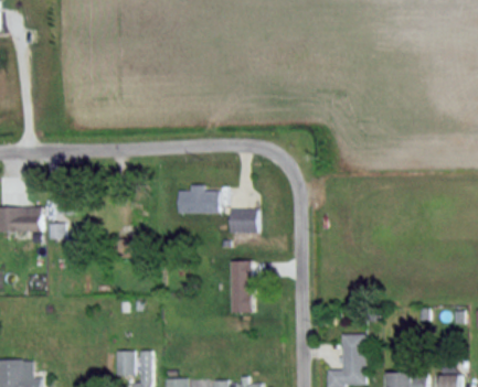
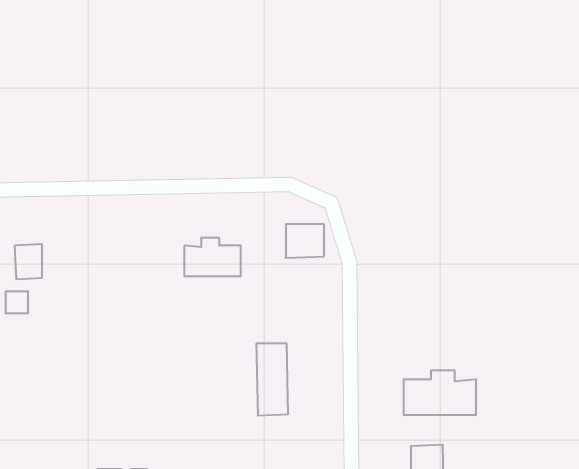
building: [230,209,257,234] -> [286,224,324,258]
building: none -> [404,370,476,415]

